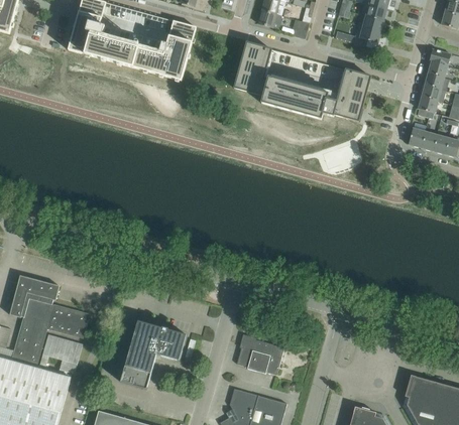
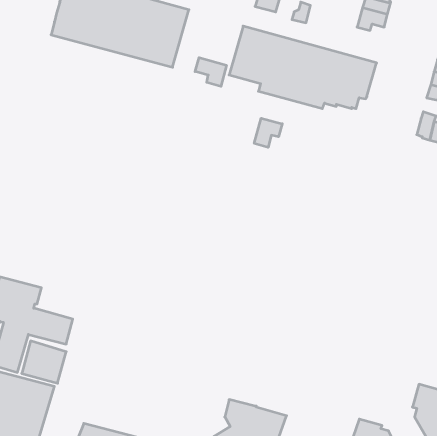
building: none -> [195,58,226,86]
building: none -> [254,118,282,147]
building: [121,320,187,389] -> none
building: [237,338,284,375] -> none

